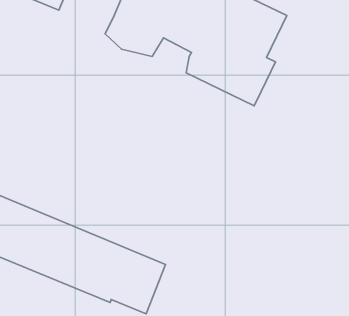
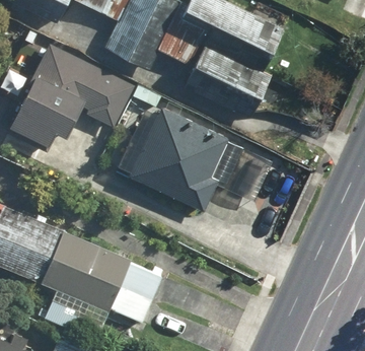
building: none -> [6,43,137,148]
building: none -> [129,107,228,211]

